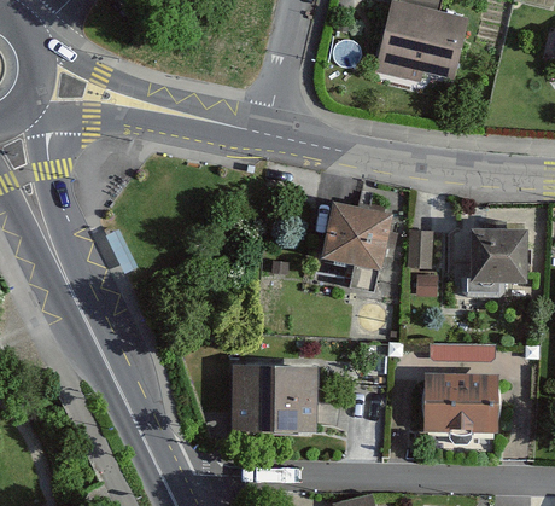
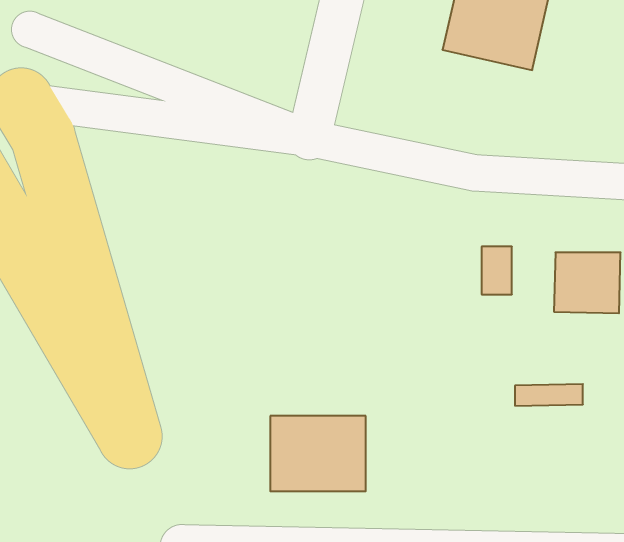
building: [323,205,390,290] -> none
building: [425,376,495,431] -> none

